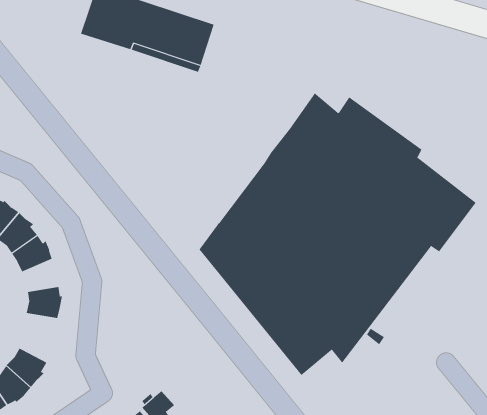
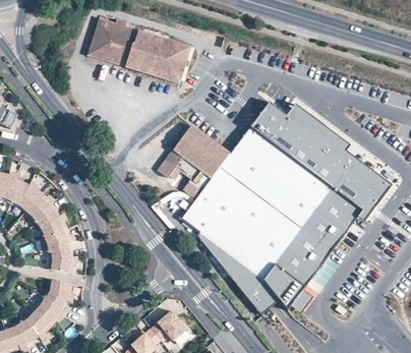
building: none -> [156,124,229,199]
building: none -> [44,227,72,252]
building: none -> [44,279,72,306]
building: none -> [151,310,187,340]

